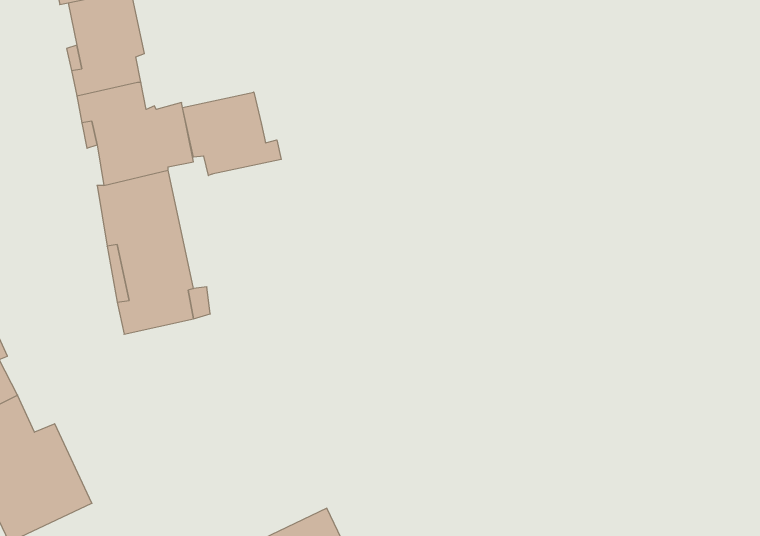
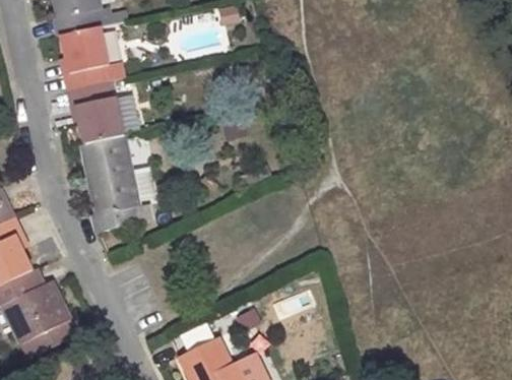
building: [183,92,281,176] -> none

